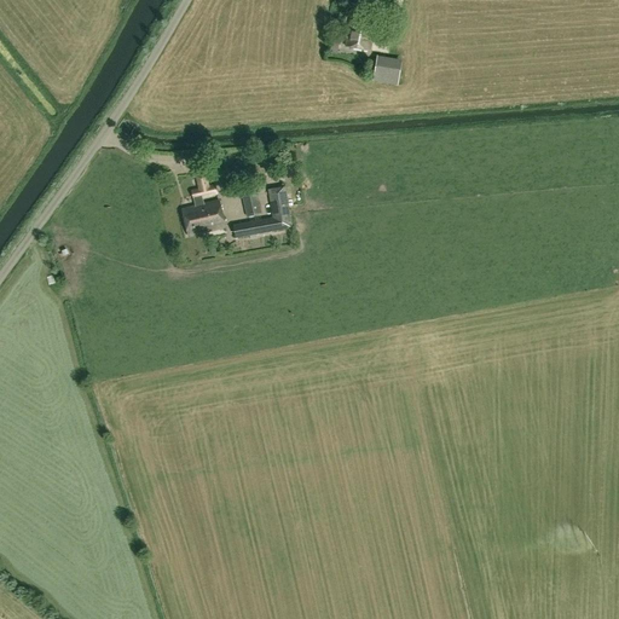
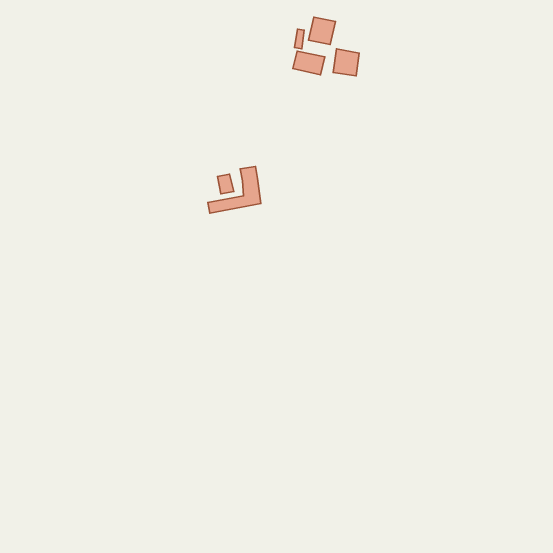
building: none -> [293,51,325,75]
building: [183,185,226,236] -> none

